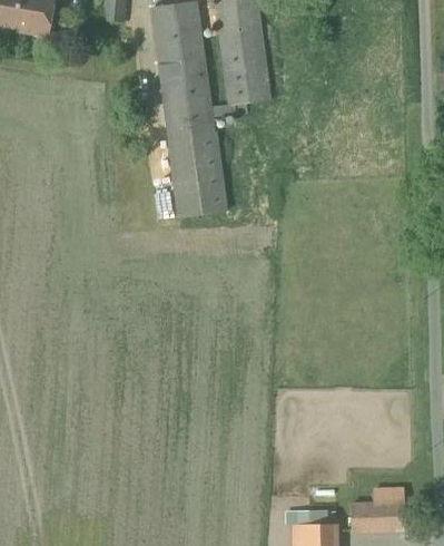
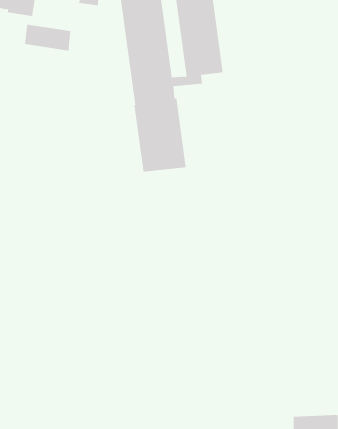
building: none -> [24,24,71,51]

